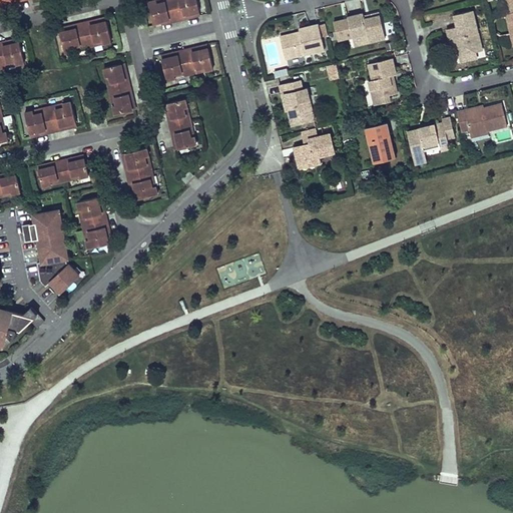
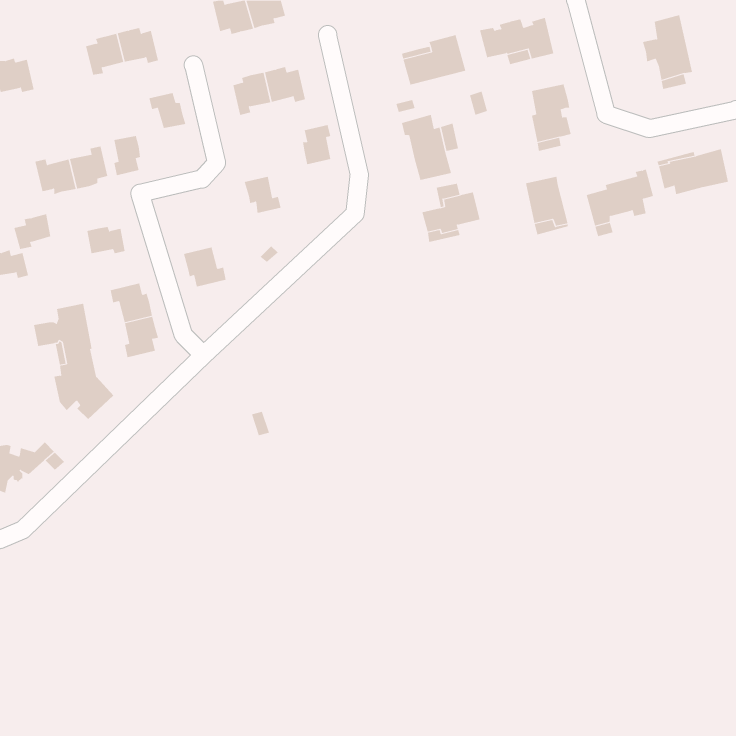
building: [113,87,132,115] -> [113,135,141,176]
building: [166,99,186,127] -> [302,124,331,165]
building: [123,148,147,177] -> none
building: [37,161,63,186] -> [14,214,51,250]

